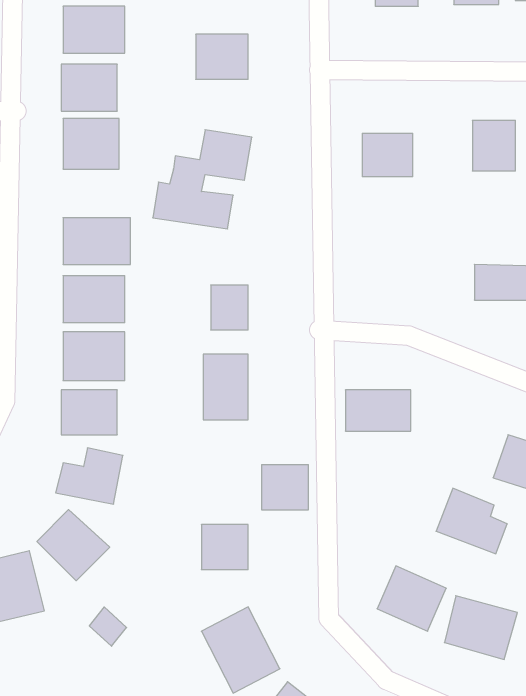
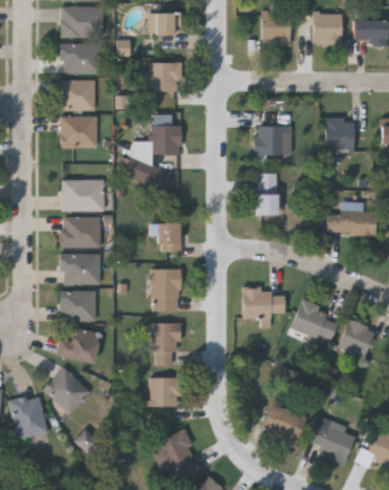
building: none -> [255,173,277,214]
building: [262,465,308,510] -> [150,322,180,351]
building: [436,488,507,554] -> [291,299,337,342]

